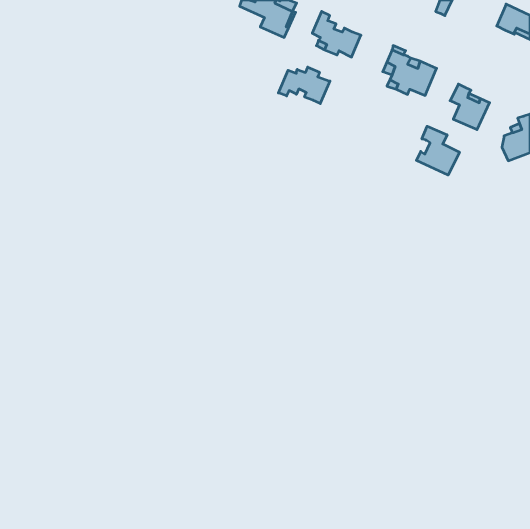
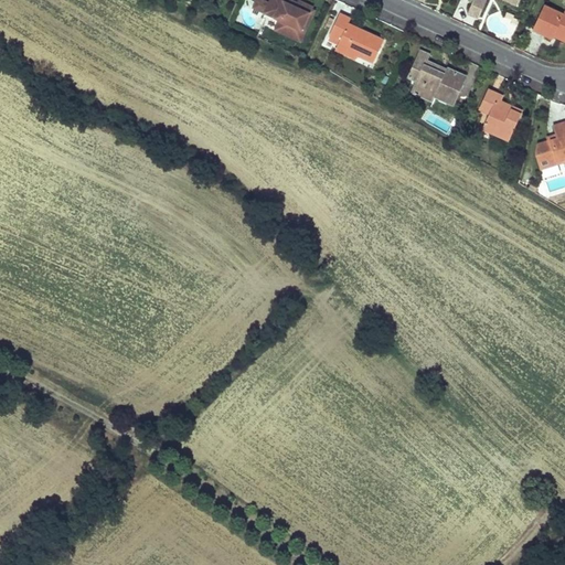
building: [278,67,330,104] -> none
building: [416,126,459,175] -> none

